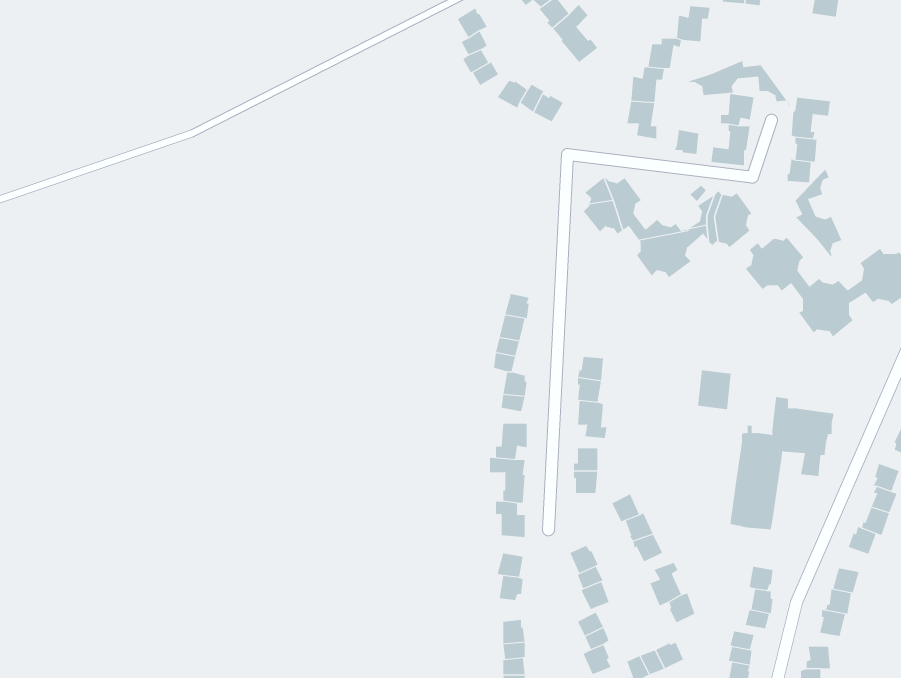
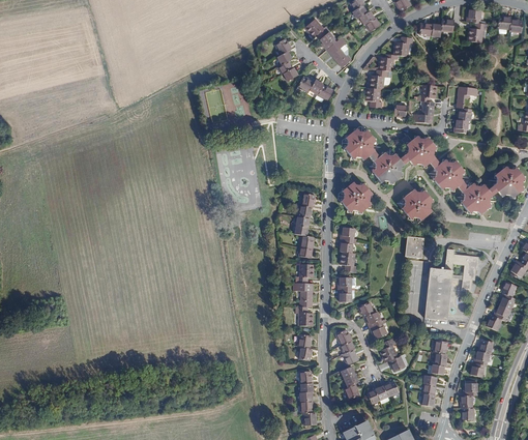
building: [688,60,790,107] -> none
building: [795,165,842,257] -> none
building: none -> [340,182,371,213]
building: none -> [401,189,432,221]

